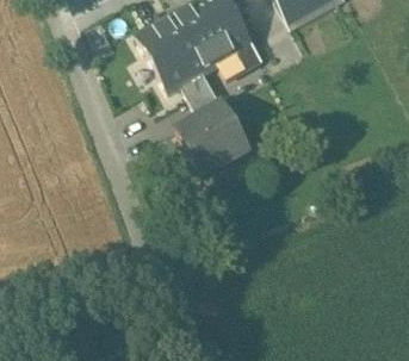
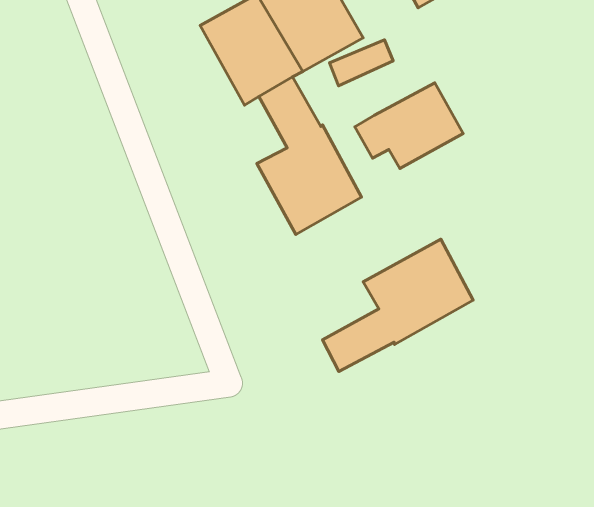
building: none -> [355,83,463,168]
building: none -> [322,239,473,372]

